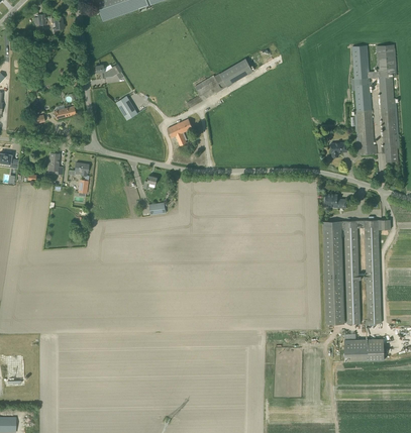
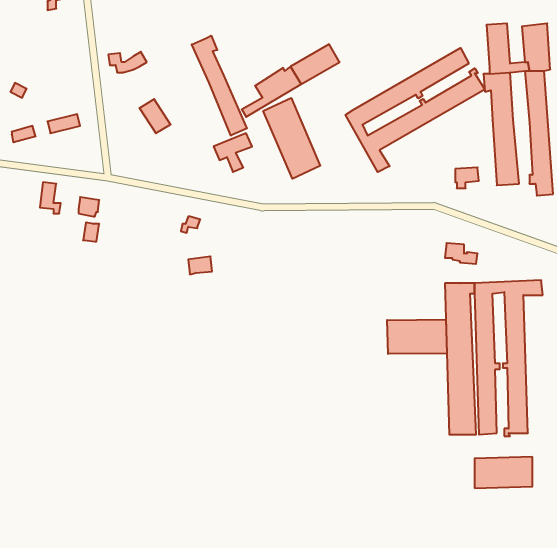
building: none -> [192,36,247,136]
building: none -> [346,48,485,172]
building: none -> [263,98,320,179]
building: none -> [387,320,447,354]

